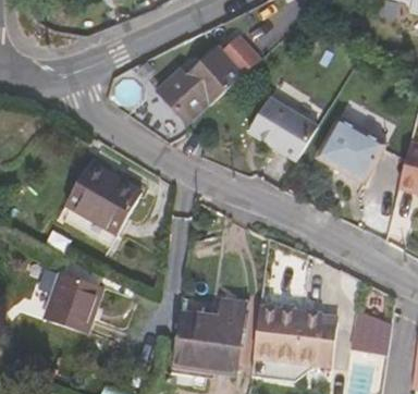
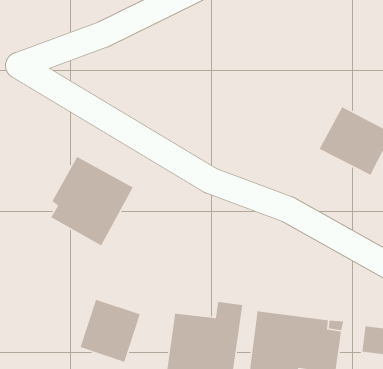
building: [155,37,254,120] -> none
building: [245,99,314,161] -> none
building: [45,271,102,331] -> [79,299,141,363]

